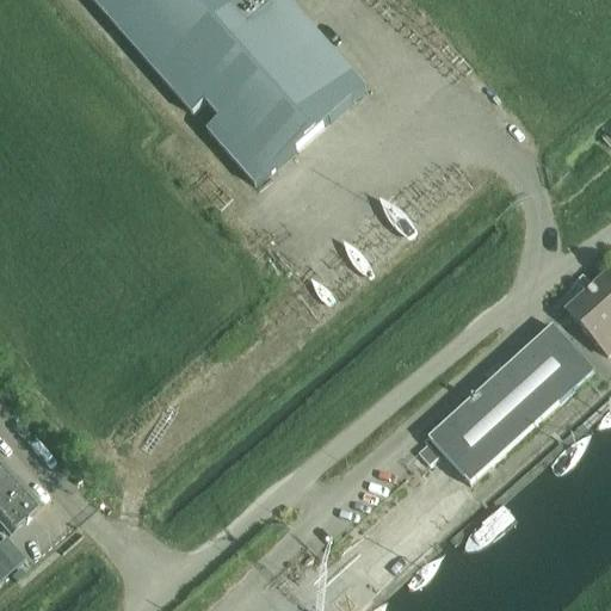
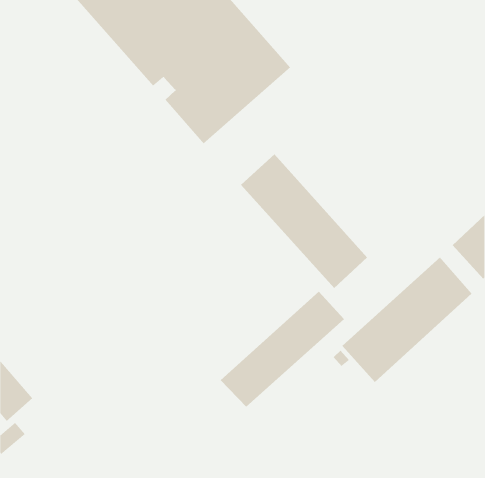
building: none -> [240,153,368,289]
building: none -> [220,291,345,408]

